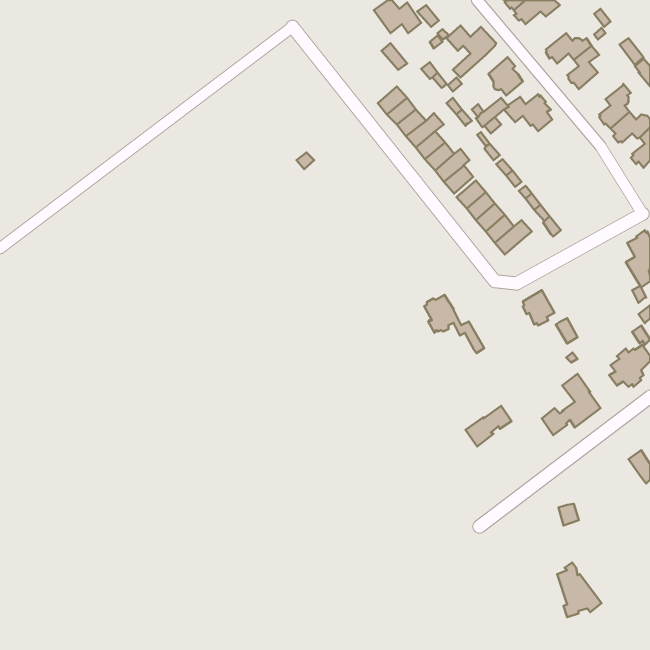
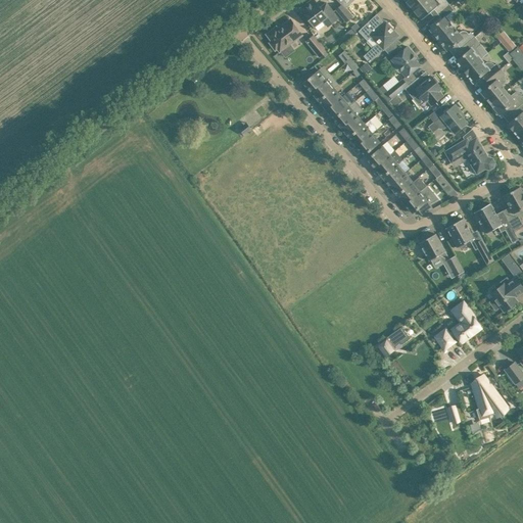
building: none -> [429,4,455,40]
building: none -> [267,19,302,52]
building: none -> [465,58,501,83]
building: none -> [429,104,468,133]
building: none -> [444,138,494,173]
building: none -> [406,186,438,213]
building: none -> [474,203,512,233]
building: [424,295,484,353] -> [446,218,494,265]
building: [557,563,602,617] -> [472,375,508,419]

